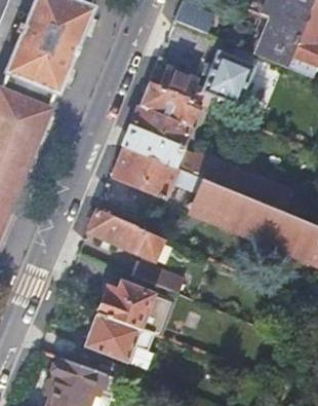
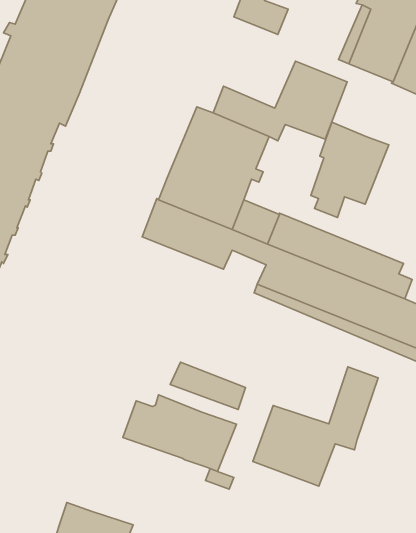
building: none -> [311,122,389,218]
building: [87,211,161,260] -> none
building: none -> [253,367,378,486]
building: [77,312,154,375] -> none

